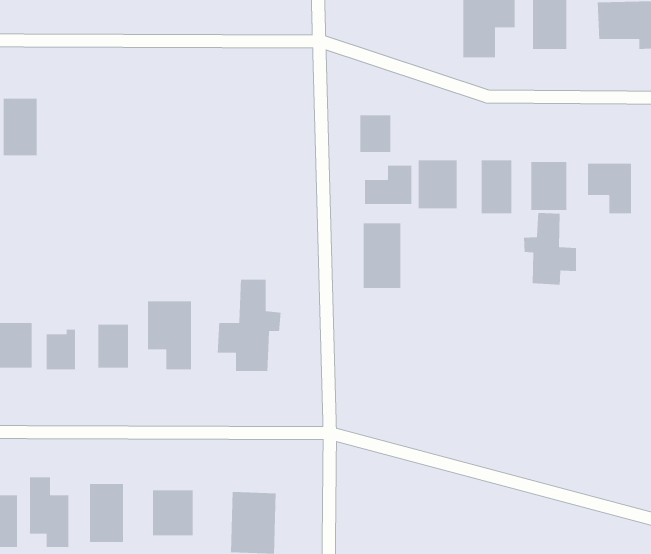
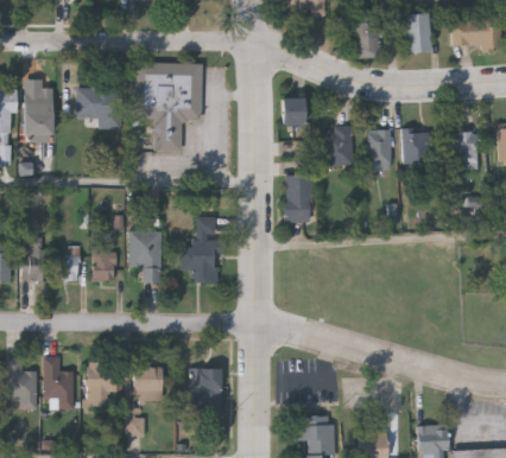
building: none -> [133,62,203,151]
building: none -> [77,88,121,128]
building: [364,165,412,205] -> none
building: [523,212,577,285] -> none

